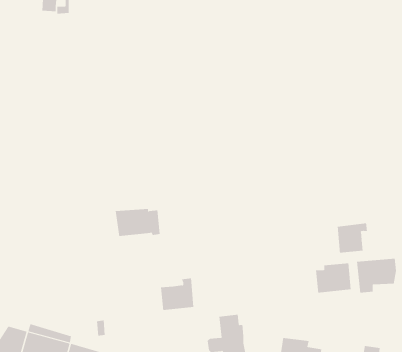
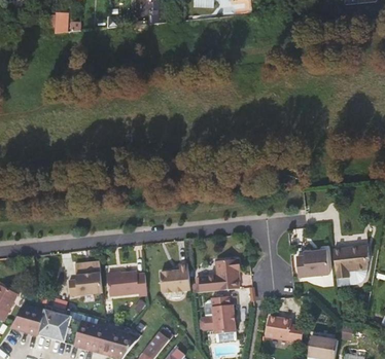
building: [115,209,160,237] -> [106,272,146,296]
building: [337,223,367,254] -> none
building: none -> [198,256,239,292]
building: none -> [68,273,102,295]

